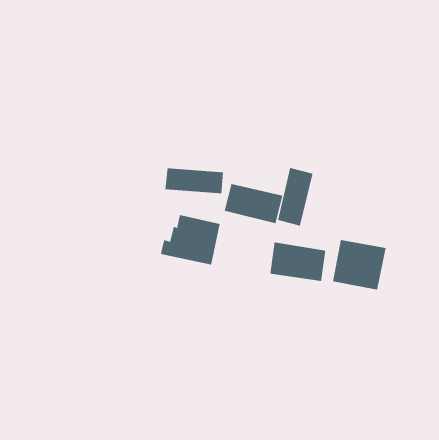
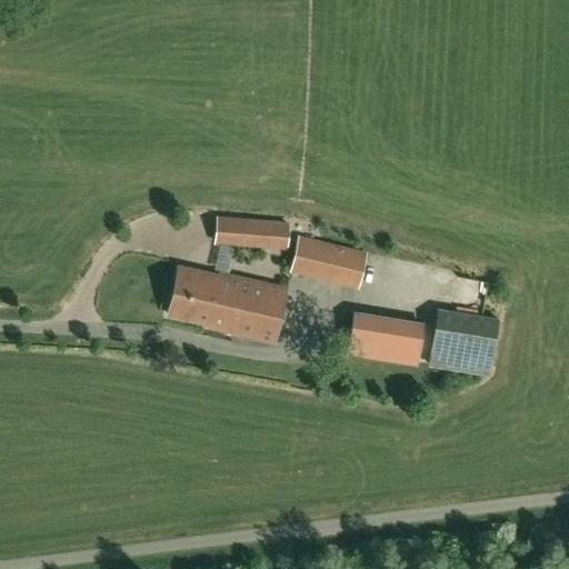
building: [277,167,313,226] -> none
building: none -> [168,269,232,323]

